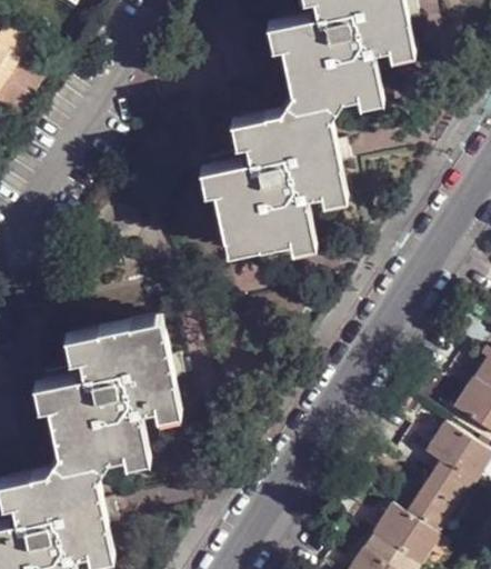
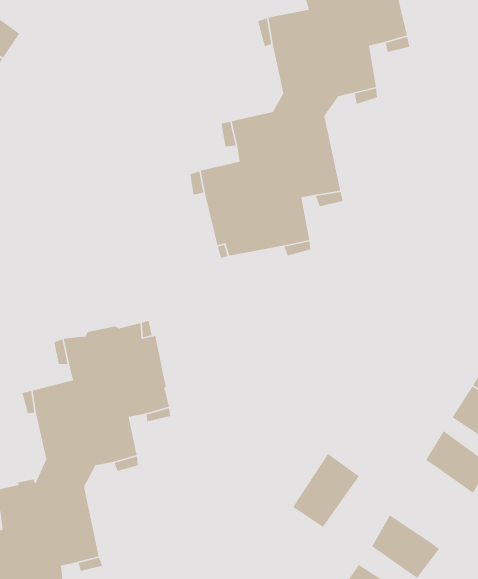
building: [405,461,471,533] -> [292,453,360,528]

